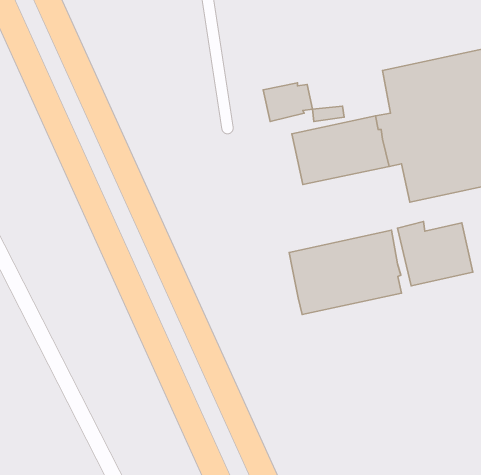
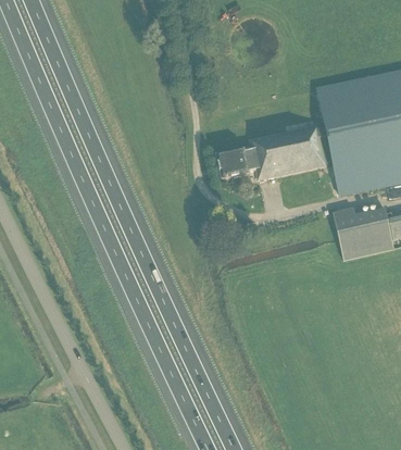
building: [263,83,313,121] -> [217,149,256,179]
building: [289,230,402,314] -> none

